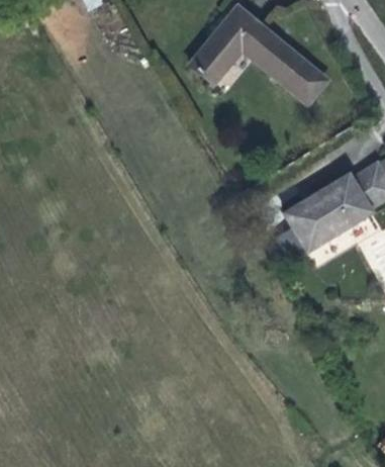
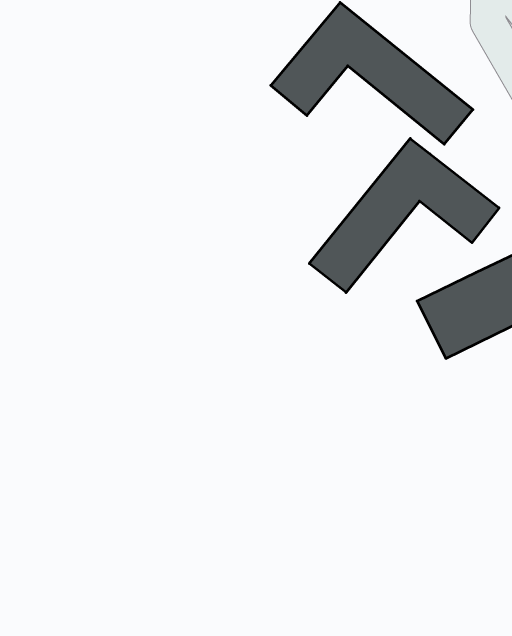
building: none -> [309,138,499,293]

